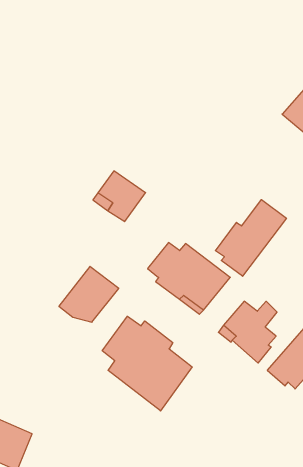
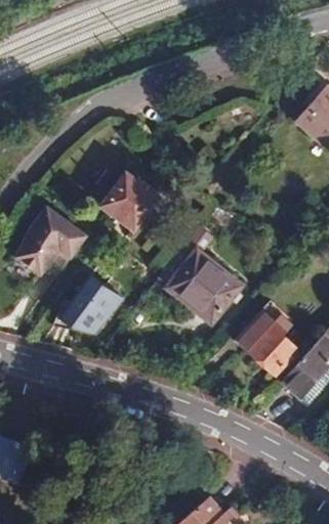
building: [215,200,286,276] -> none
building: none -> [17,208,94,278]
building: [102,316,192,411] -> none

